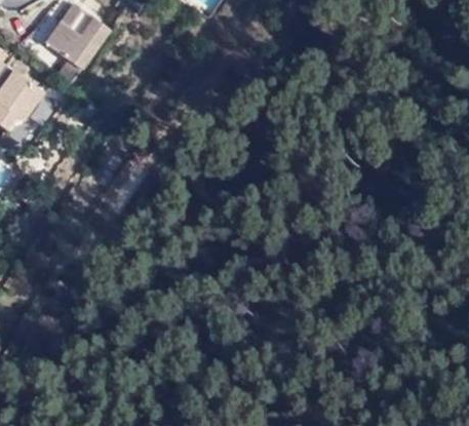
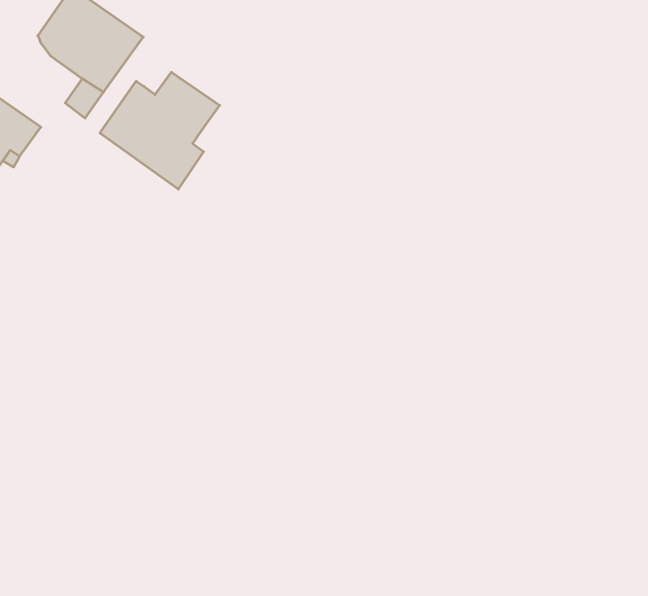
building: none -> [100,72,220,189]

